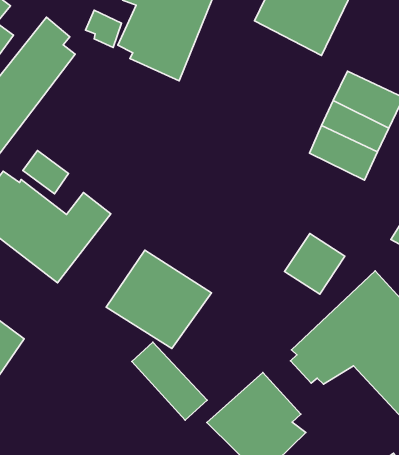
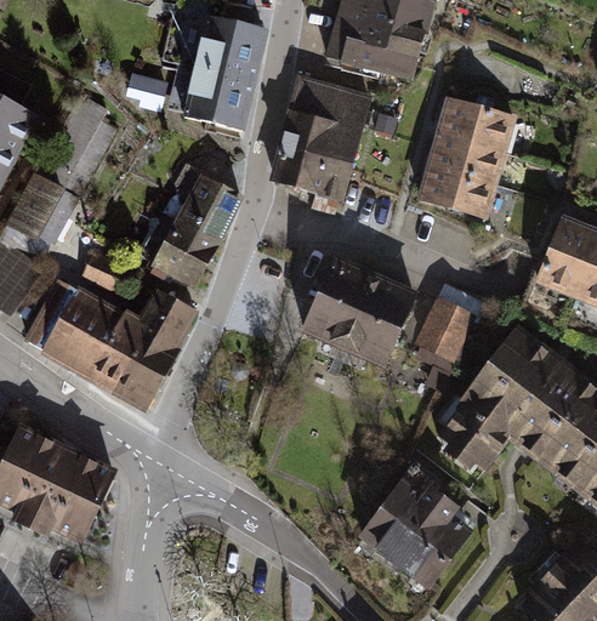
building: none -> [273,74,374,199]
building: none -> [121,166,239,287]
building: [106,250,211,349] -> [297,255,419,365]
building: [132,342,207,420] -> none

